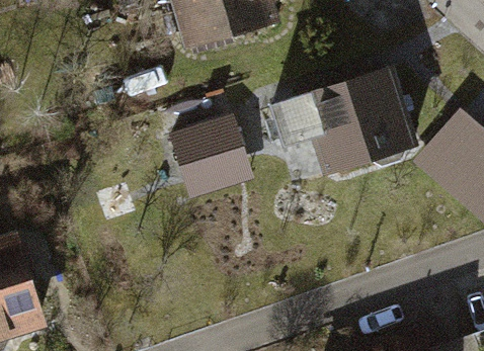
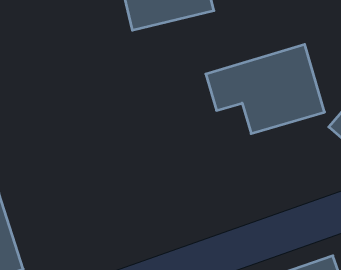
building: [173,117,252,197] -> none

